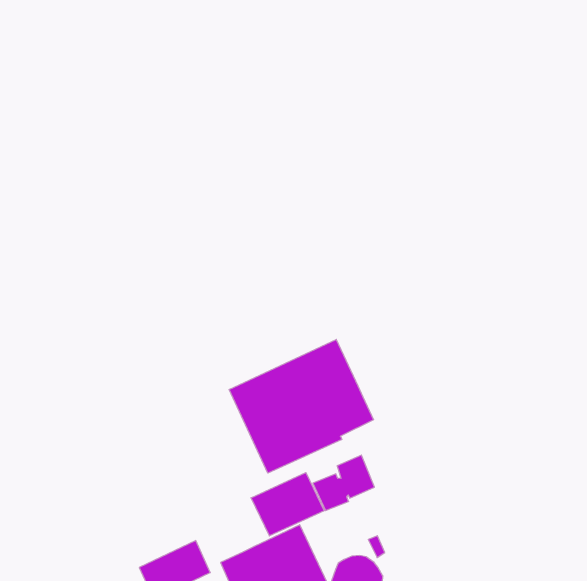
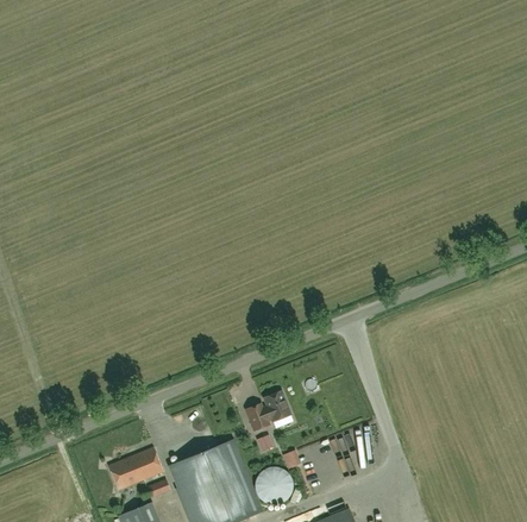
building: [229,339,374,473] -> none
building: [251,473,324,536] -> none

